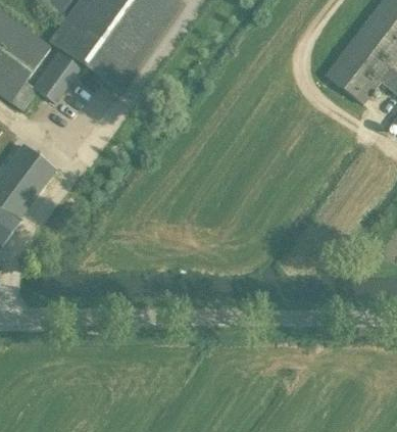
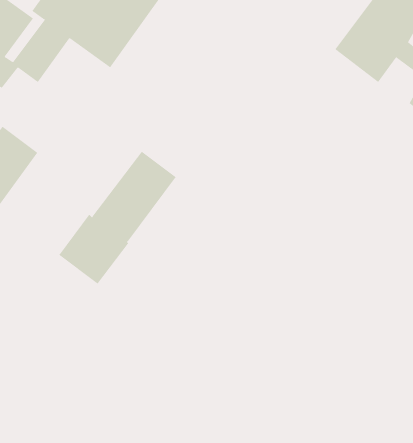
building: none -> [59,151,177,284]

